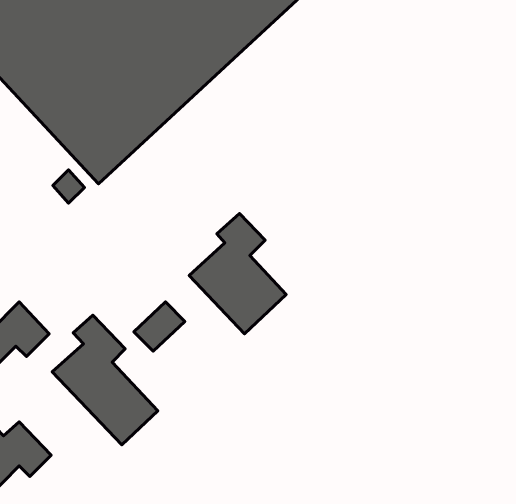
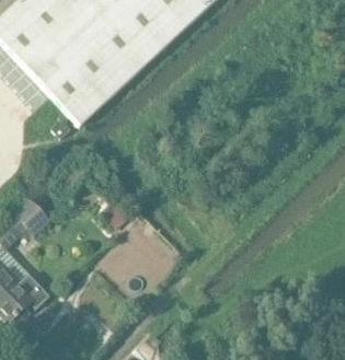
building: [189,213,286,334] -> none
building: [52,315,158,445] -> none

